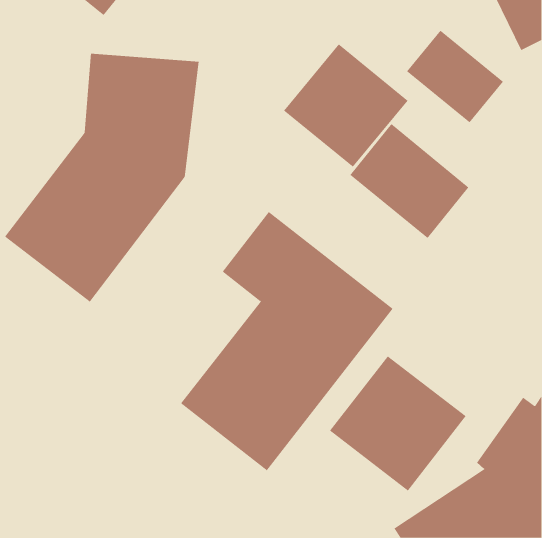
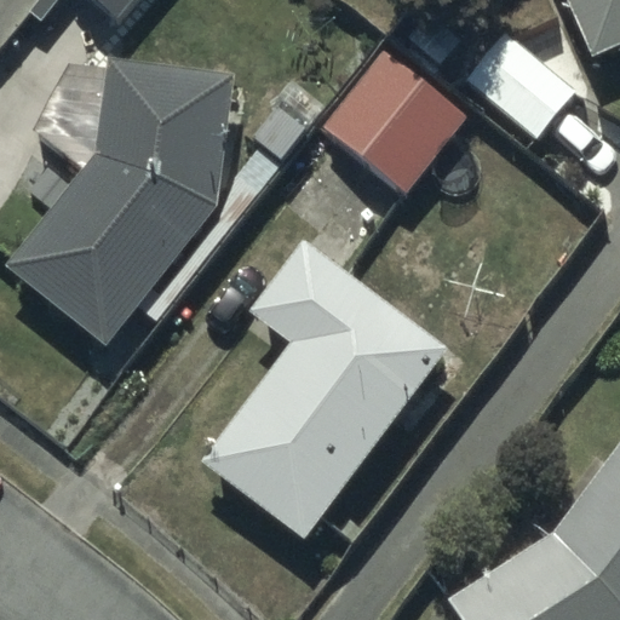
building: [350,123,469,239] -> none
building: [329,355,466,491] -> none

